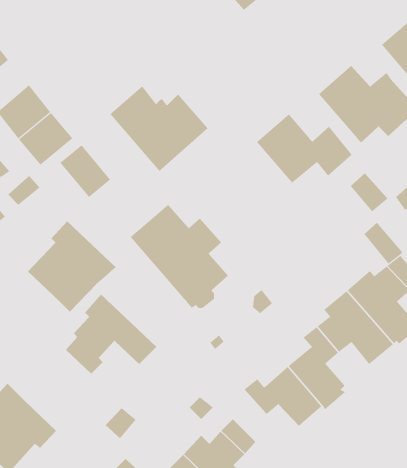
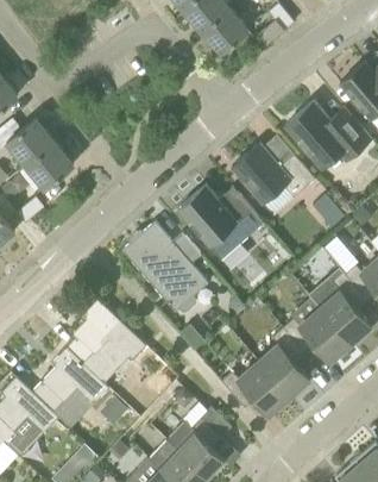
building: [110,85,209,172] -> [178,184,264,259]
building: [60,144,111,198] -> none
building: [27,221,117,313] -> [32,348,109,427]

